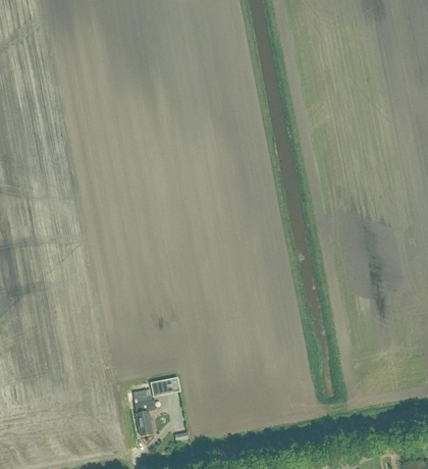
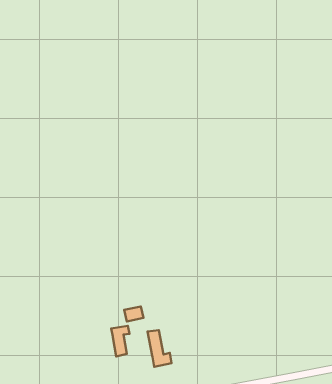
building: none -> [147,330,171,367]

